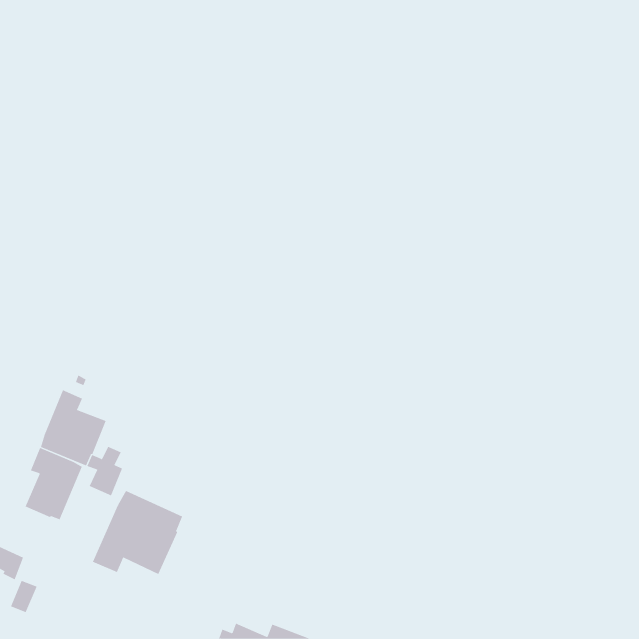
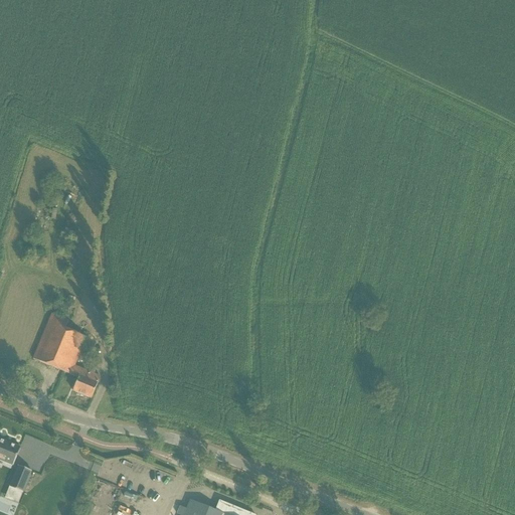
building: [25,447,82,520] -> none
building: [92,490,183,575] -> none

